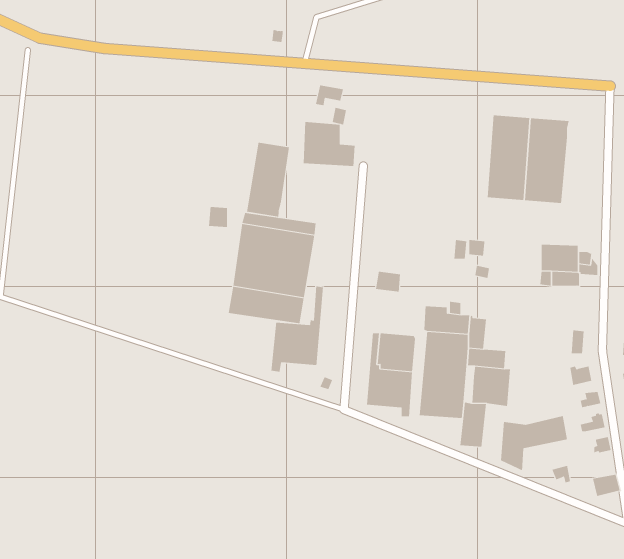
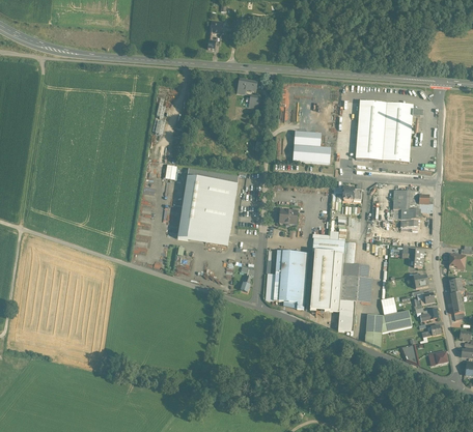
building: [303,121,356,167] -> [293,133,329,164]
building: [247,142,289,218] -> none
building: [271,286,324,373] -> none

